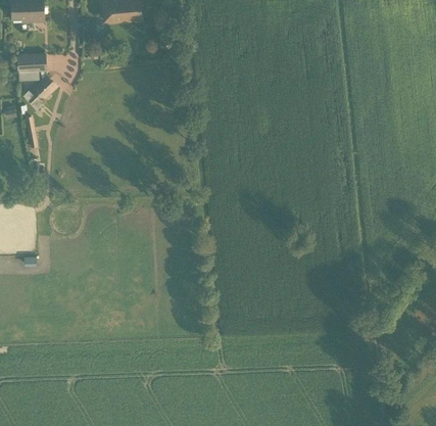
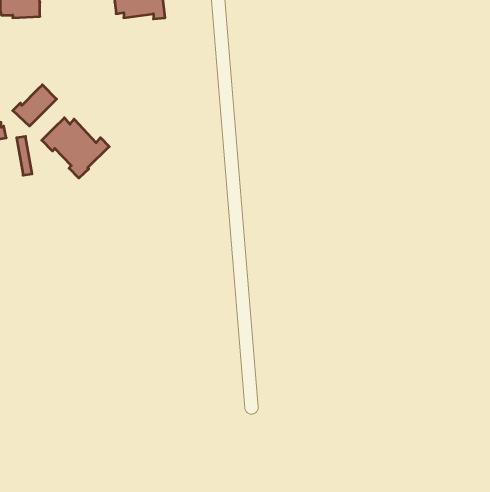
building: [17,53,45,81] -> none
building: none -> [42,118,109,178]

